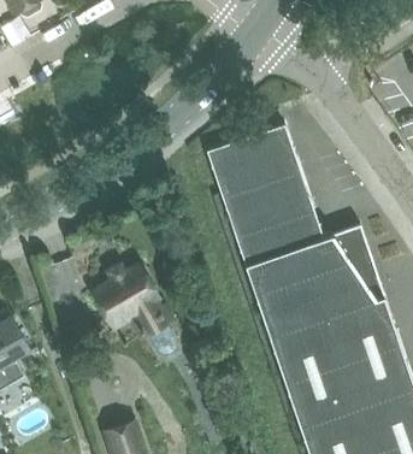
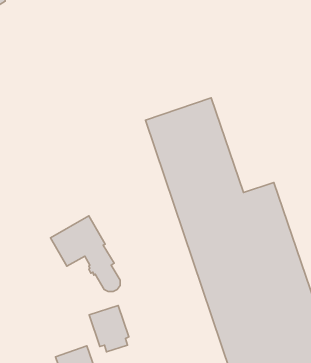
building: none -> [89,305,129,352]

